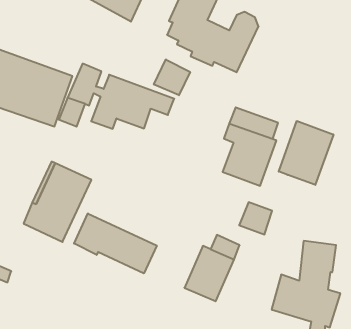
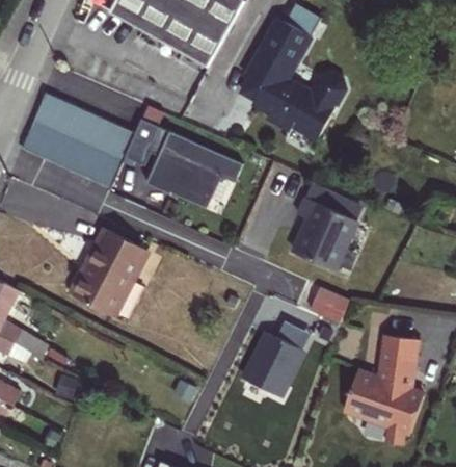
building: [154,59,190,95] -> none
building: [279,121,333,185] -> none
building: [74,213,157,273] -> none

